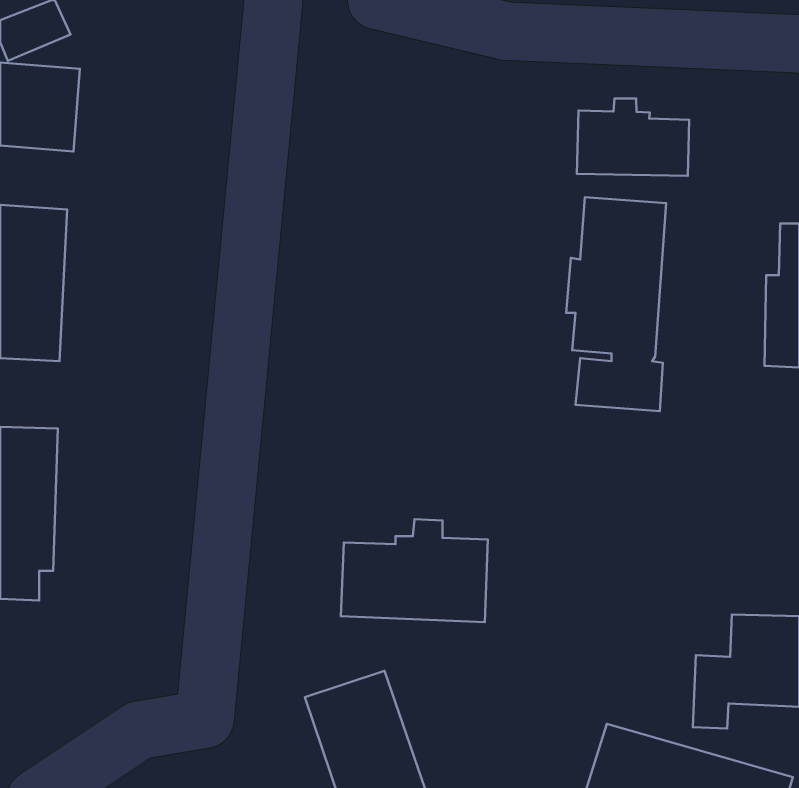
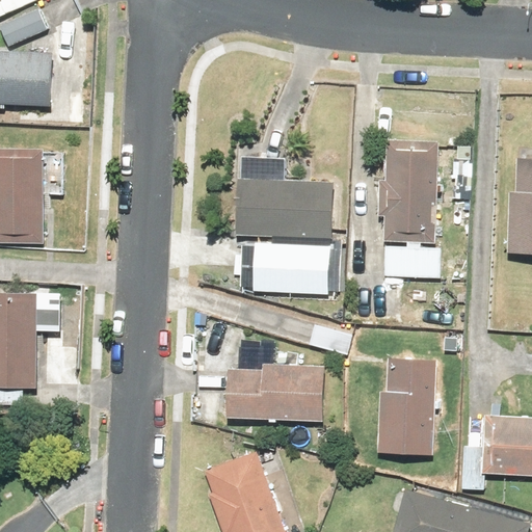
building: [577,98,689,176] -> none
building: none -> [234,155,345,241]
building: none -> [251,242,328,298]
building: none -> [376,356,435,456]

